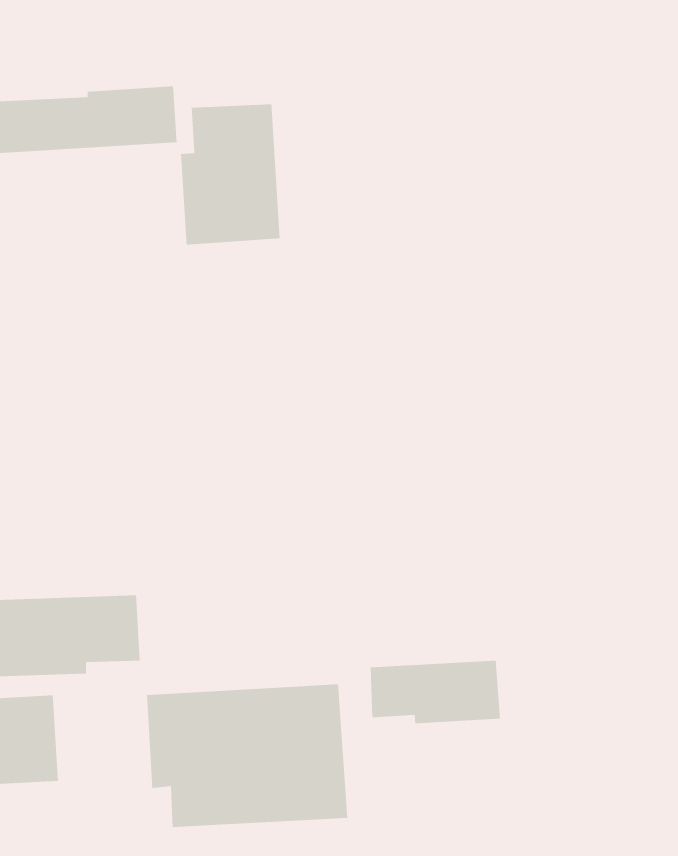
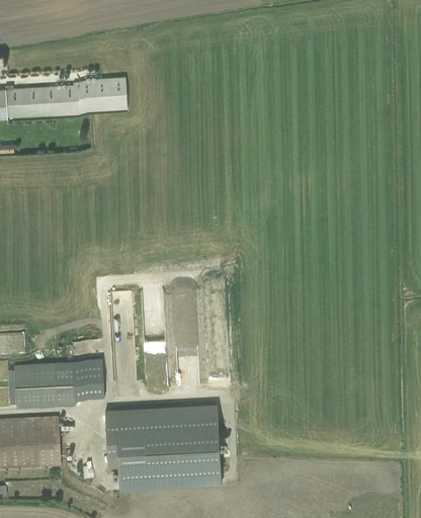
building: [180,103,280,246] -> none
building: [370,660,501,724] -> none

